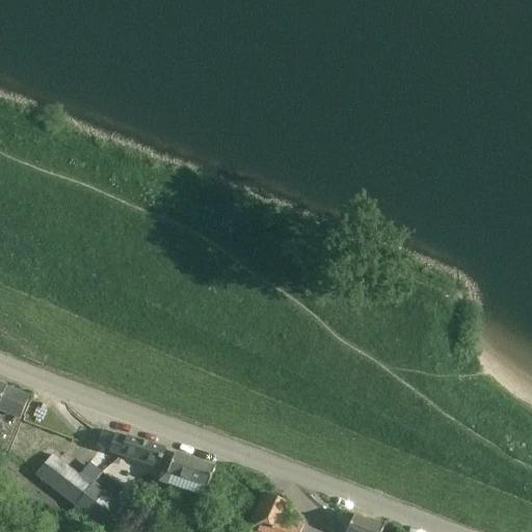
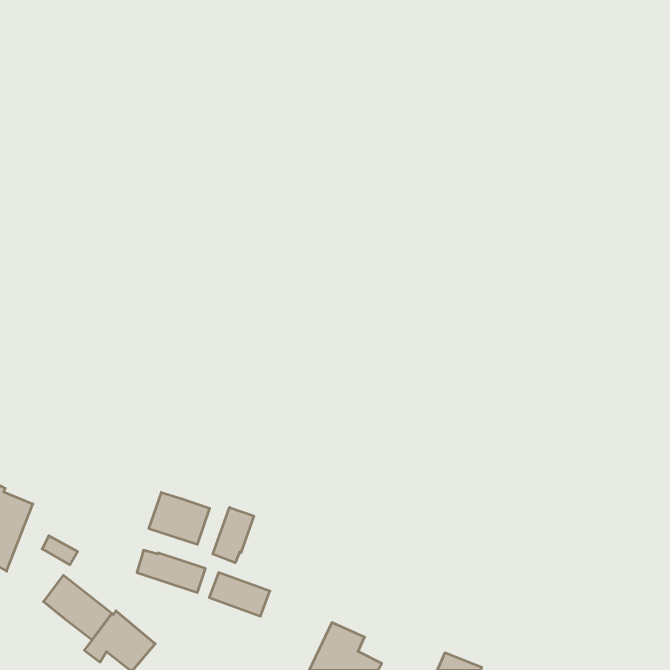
building: none -> [149,492,210,544]
building: none -> [213,507,254,563]

